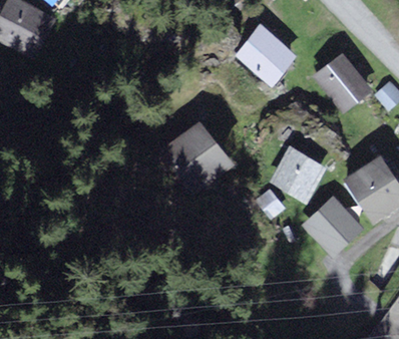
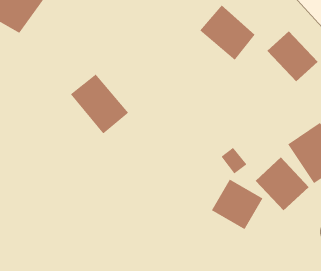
building: [162,124,229,193] -> [70,73,129,134]
building: [270,142,329,201] -> [211,178,264,230]

